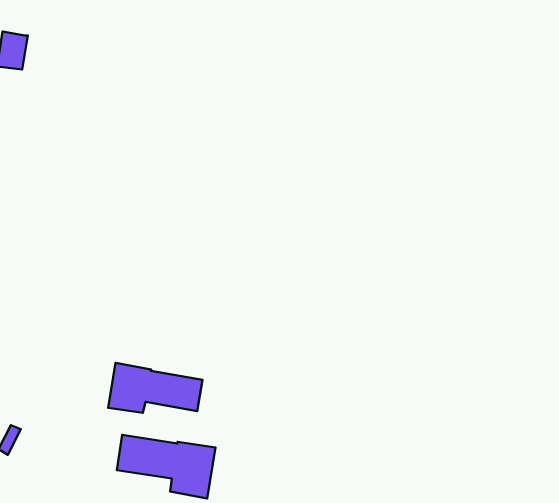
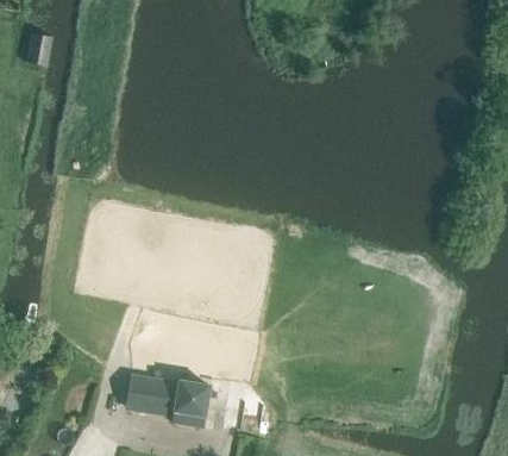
building: [108,363,202,413] -> none

